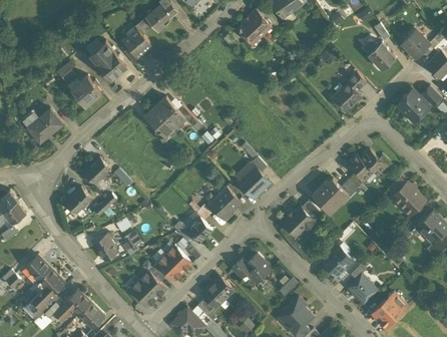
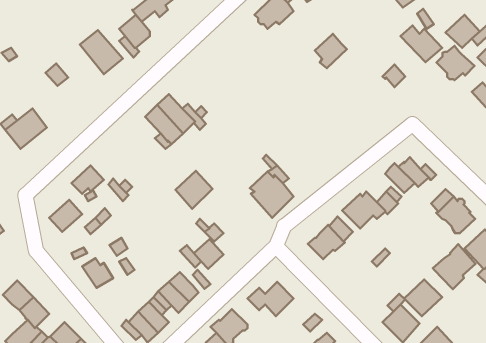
building: [71,76,100,106] -> none
building: [334,82,361,111] -> [315,34,347,68]
building: [397,90,429,119] -> [437,46,475,80]
building: [208,189,240,221] -> [176,171,212,209]
building: none -> [433,244,475,289]
building: [322,247,354,278] -> [404,279,442,316]

